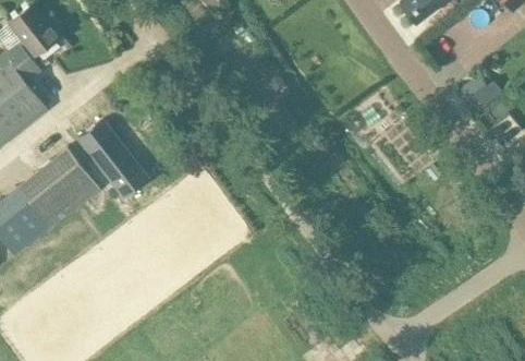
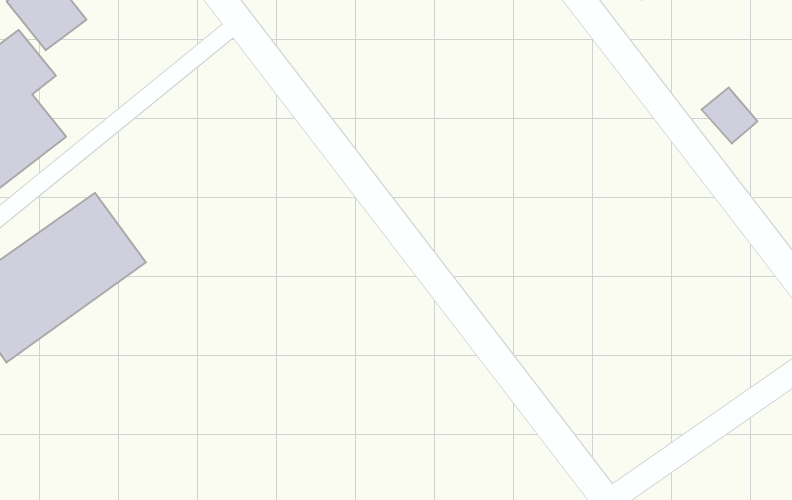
building: [78,120,148,197] -> none

